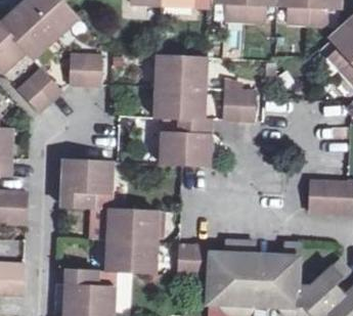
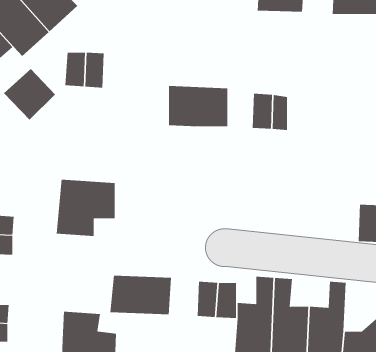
building: [153,55,205,85] -> none
building: [159,117,208,165] -> none
building: [108,209,159,240] -> none

